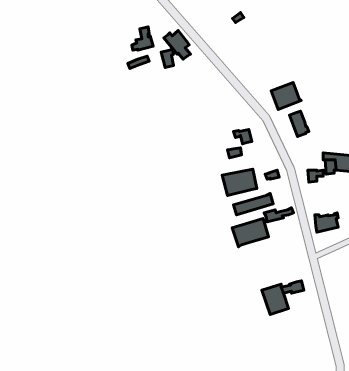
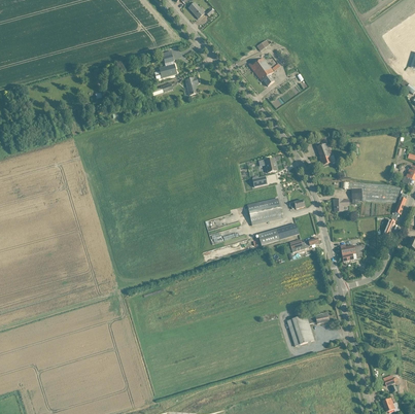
building: [164,31,190,59] -> [247,57,274,85]
building: [271,83,301,110] -> none
building: [232,218,269,247] -> none

